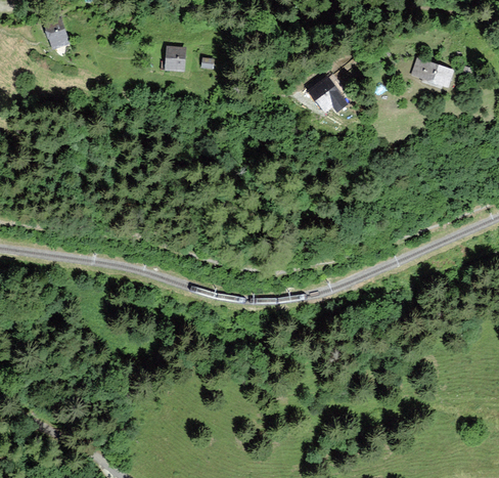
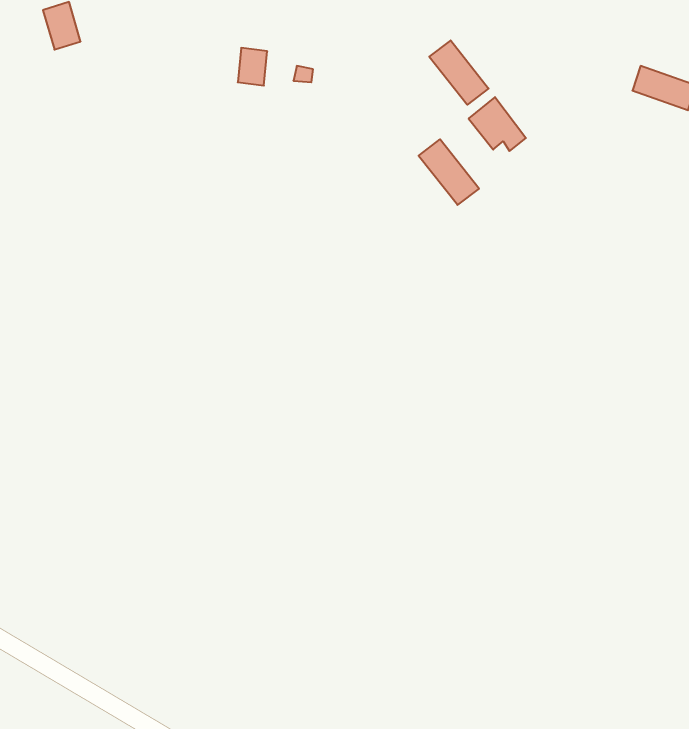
building: none -> [429,40,489,105]
building: none -> [419,139,479,205]

